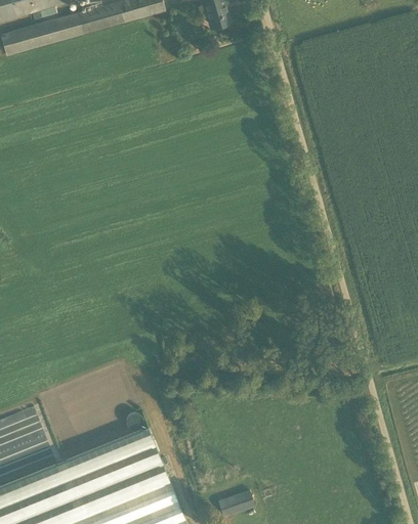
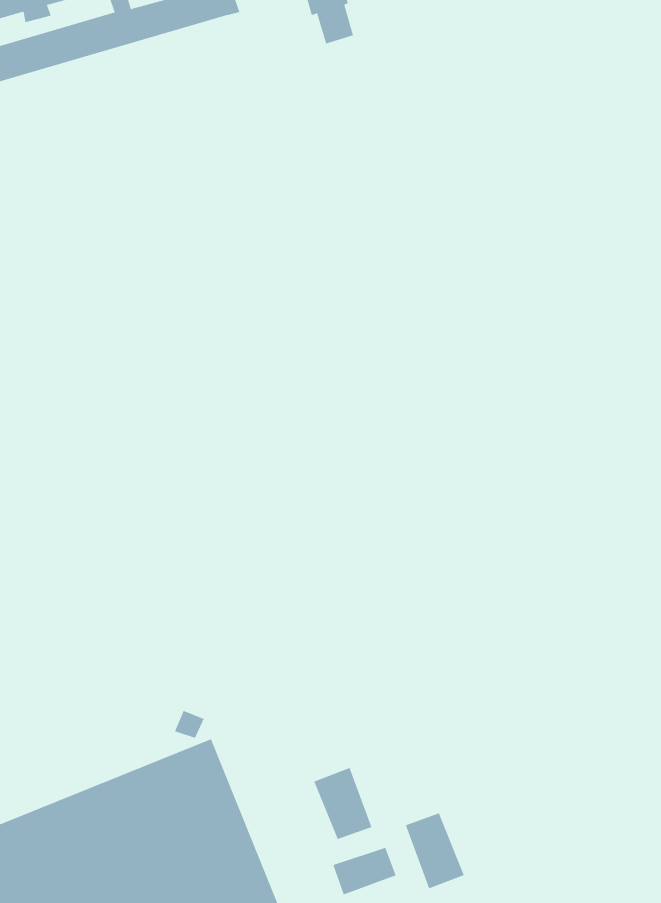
building: none -> [314,767,372,840]
building: none -> [405,813,464,889]

